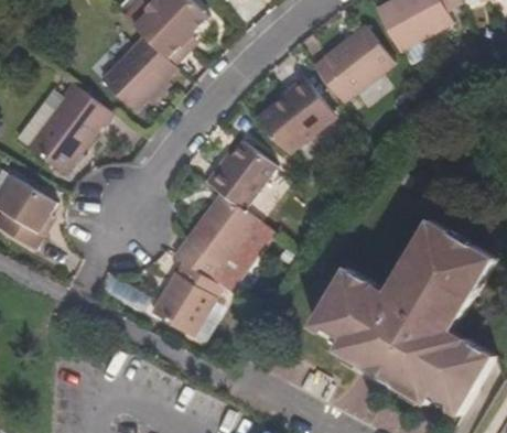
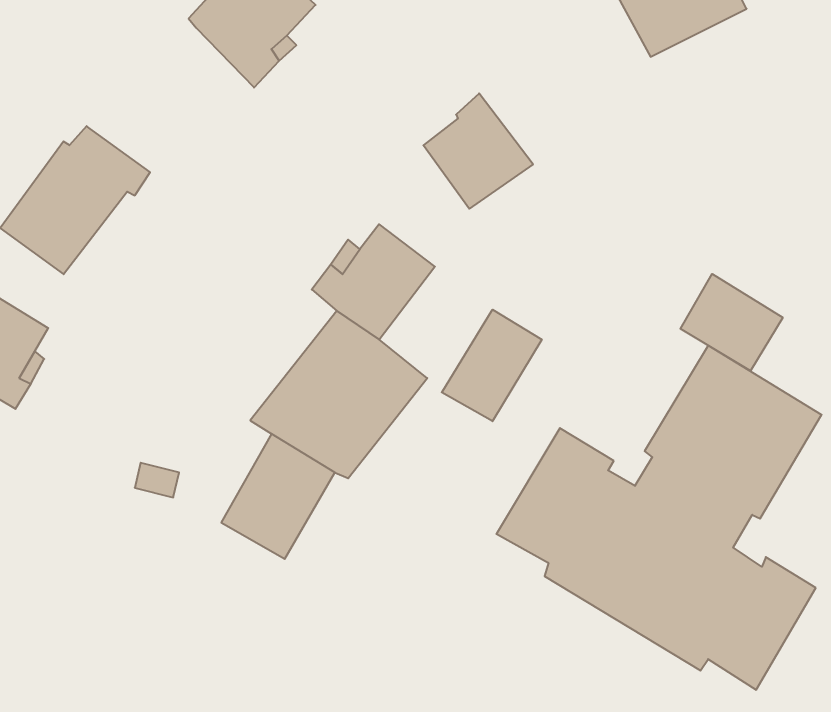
building: [326,26,396,95] -> none
building: [96,33,172,109] -> none
building: none -> [680,274,783,371]
building: none -> [442,310,542,421]

